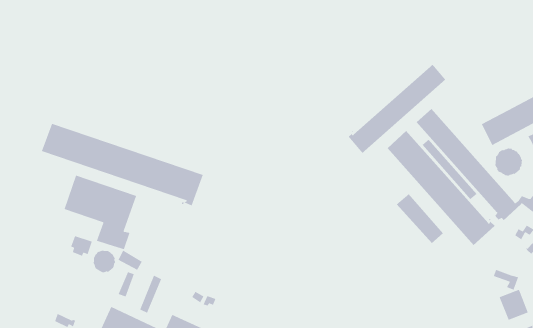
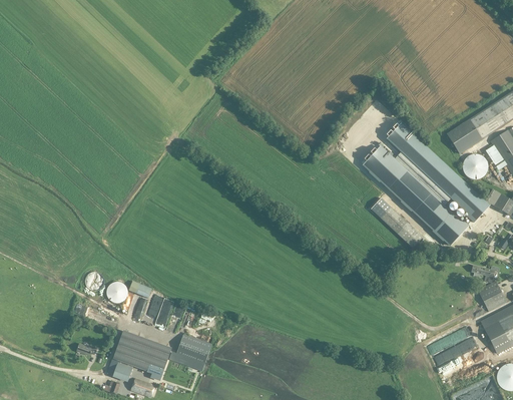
building: [347,64,446,154] -> none
building: [41,123,204,207] -> none
building: [63,174,137,250] -> none

